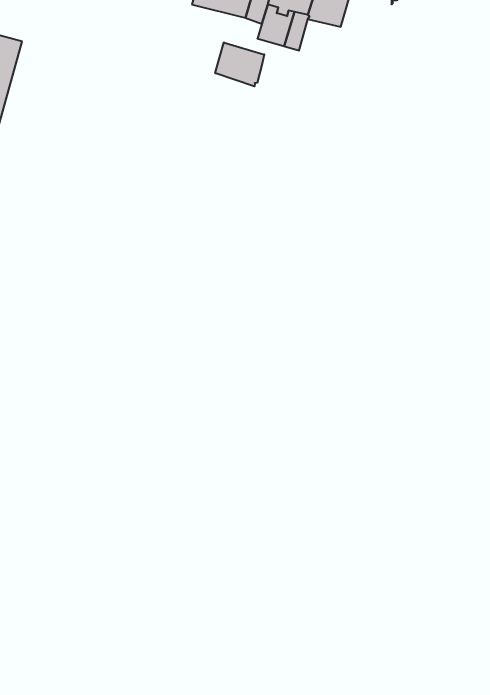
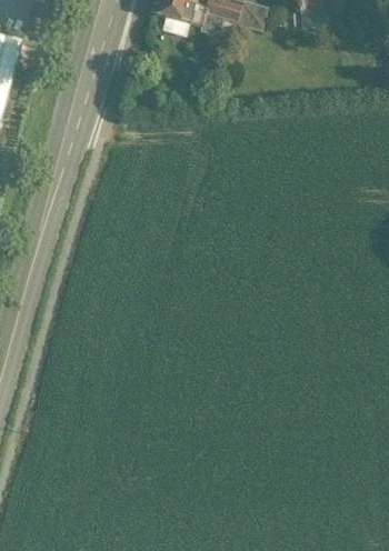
building: [215,42,264,86] -> none

